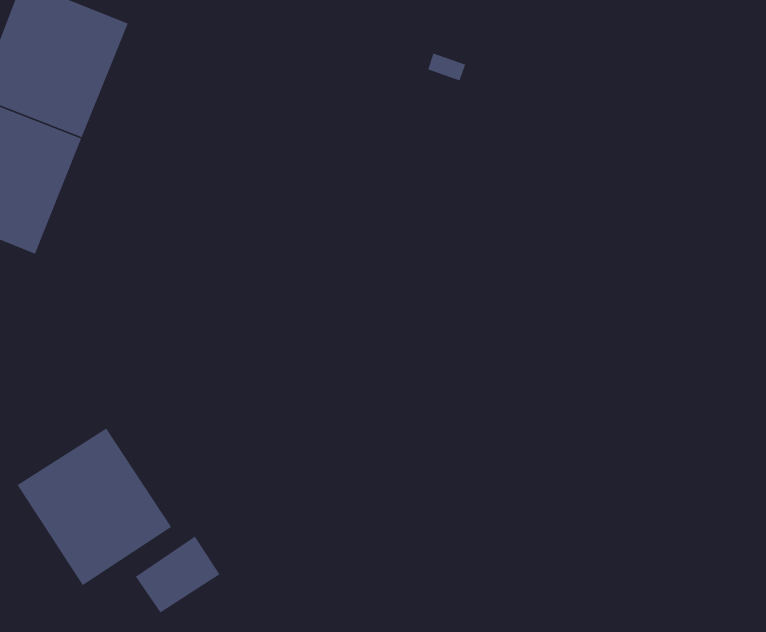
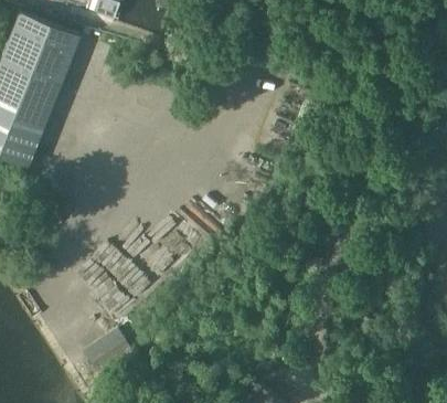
building: [17,428,172,586] -> none

